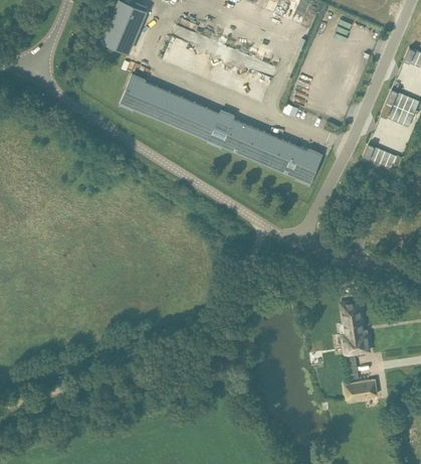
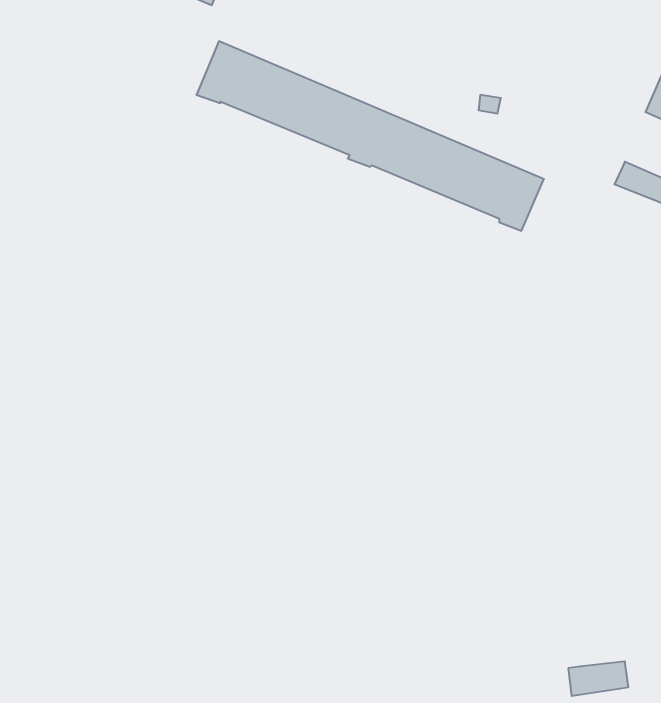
building: [337,300,369,354] -> none
building: [343,379,378,400] -> [568,661,628,696]

